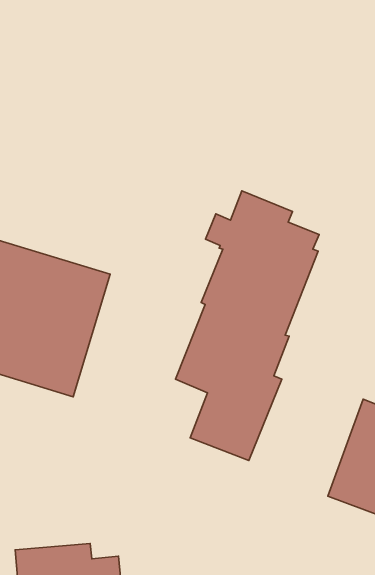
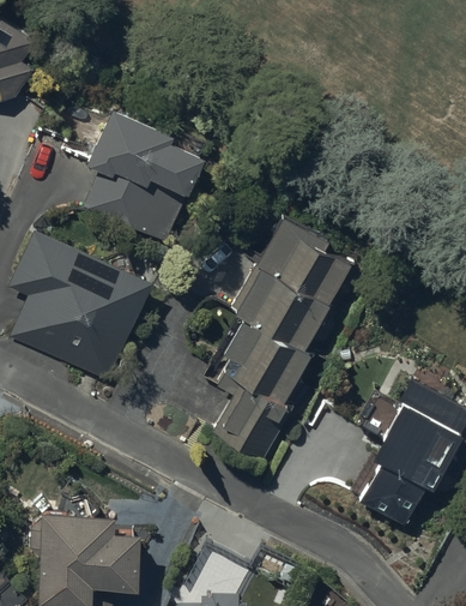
building: none -> [83,95,206,245]

